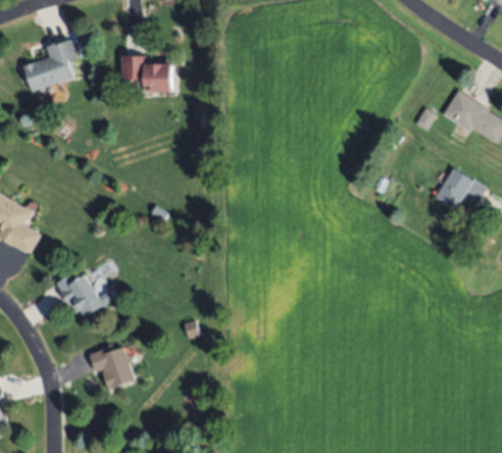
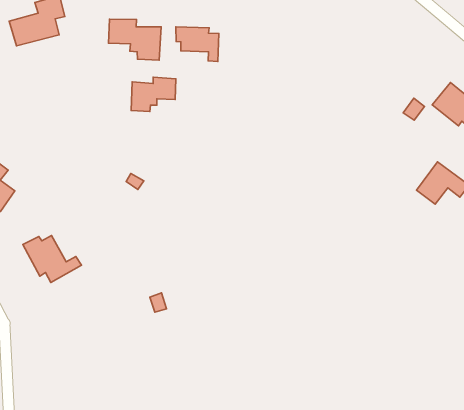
building: none -> [176,27,219,61]
building: none -> [131,77,176,111]
building: [88,346,135,390] -> none

